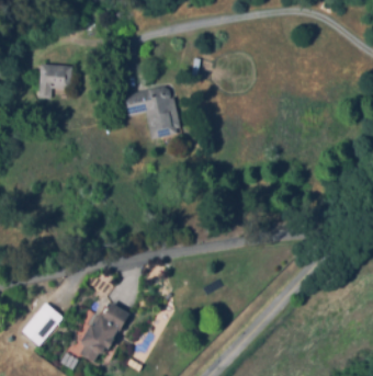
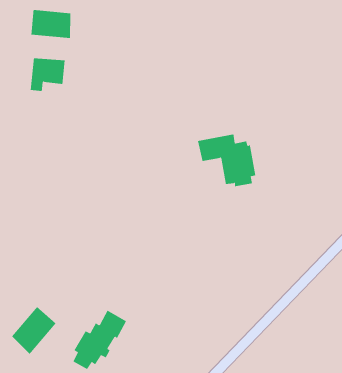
building: none -> [31,9,71,39]
building: [123,88,179,138] -> [197,134,256,187]

